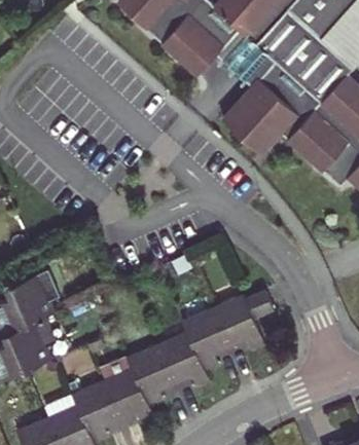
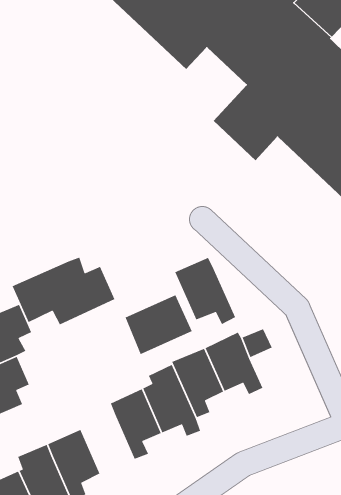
building: none -> [12,256,115,325]
building: none -> [174,257,236,325]
building: none -> [124,294,193,355]
building: [103,372,155,429] -> none

